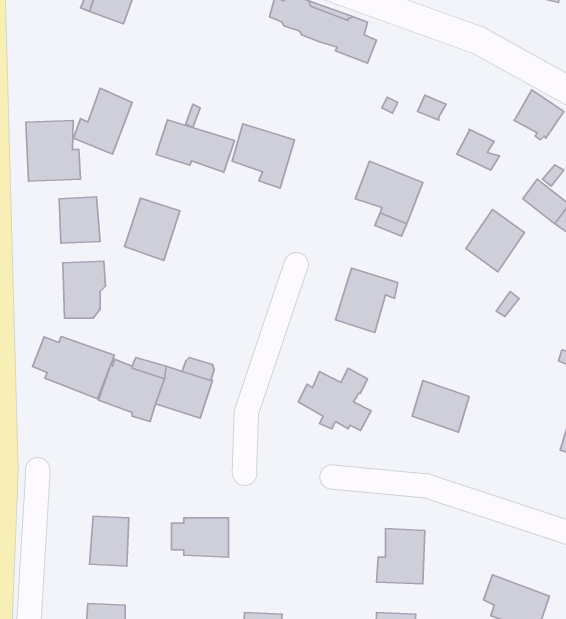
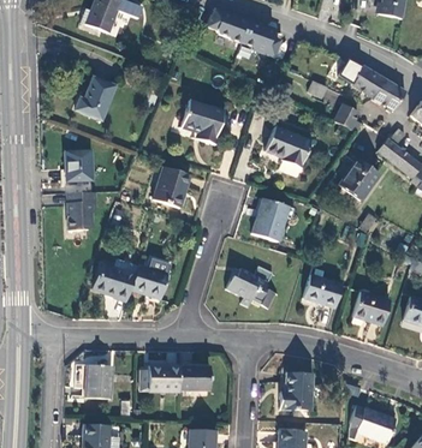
building: none -> [327,55,384,96]
building: [156,120,235,172] -> none
building: [26,121,80,181] -> none
building: [125,198,180,261] -> [153,166,190,208]
building: [32,337,114,399] -> none
building: none -> [352,291,390,324]
building: none -> [179,365,210,390]

